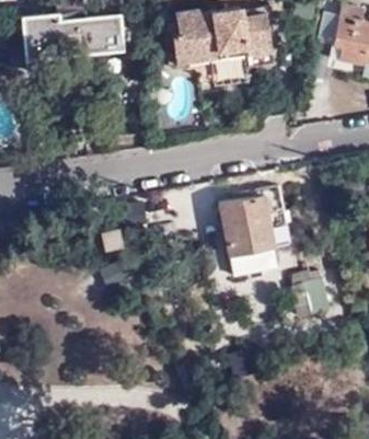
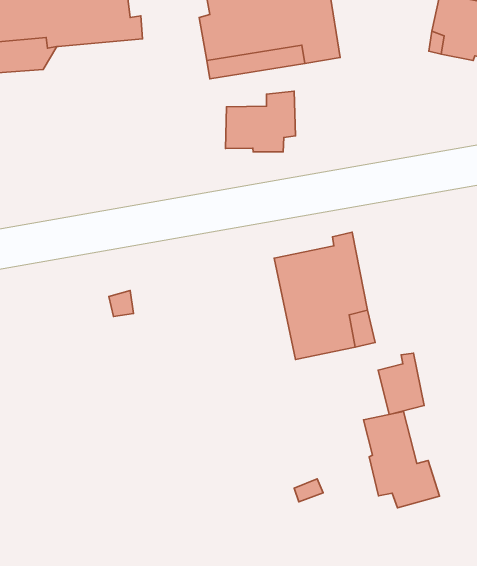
building: none -> [225,91,296,152]
building: none -> [363,412,440,508]

